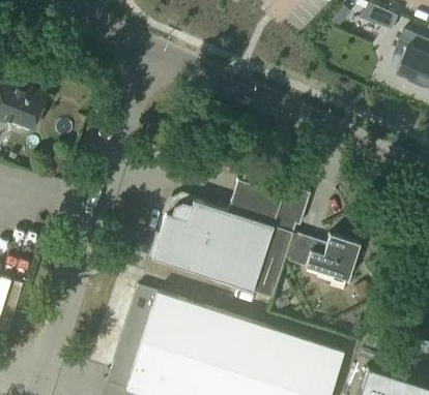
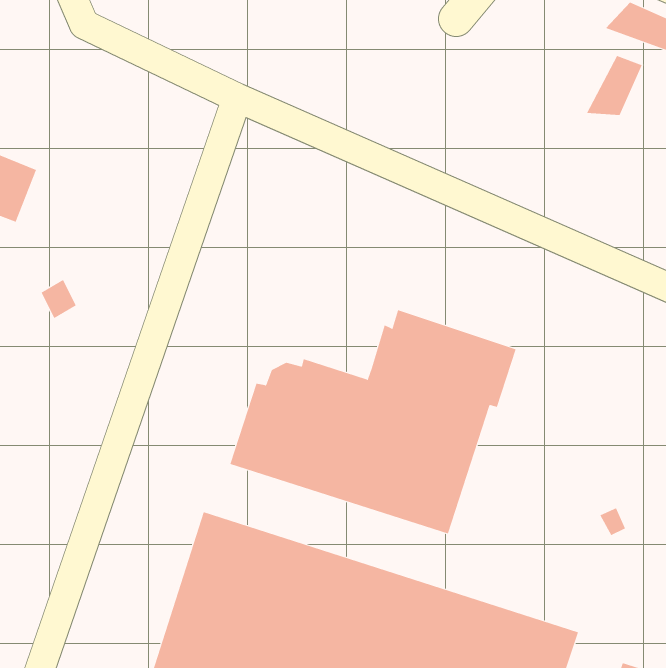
building: none -> [586,55,643,116]
building: [288,236,360,281] -> none

